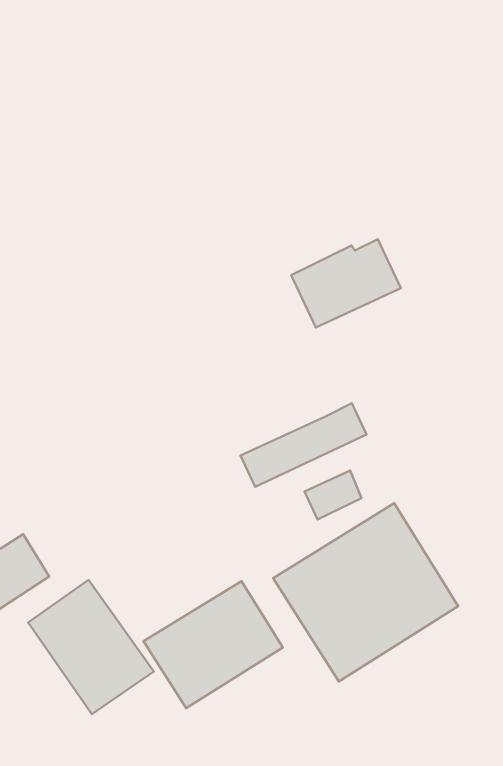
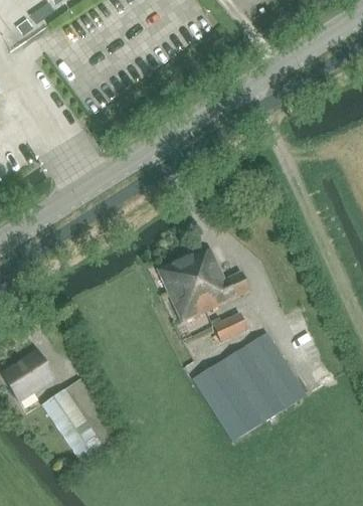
building: [291,239,401,327] -> [157,248,224,303]
building: [143,581,283,708] -> none

